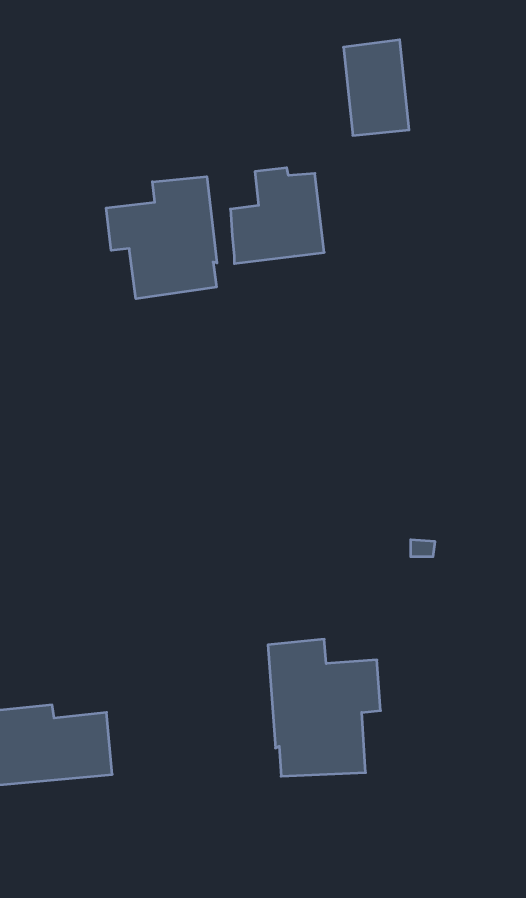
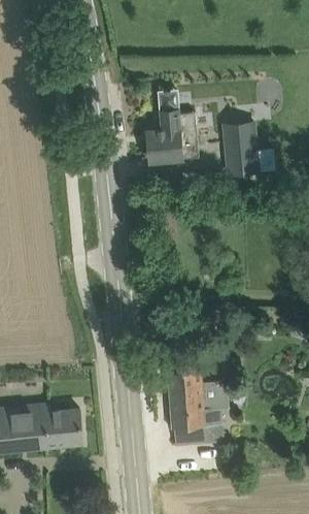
building: [343,40,409,135] -> [222,122,259,174]
building: [106,177,217,299] -> none

